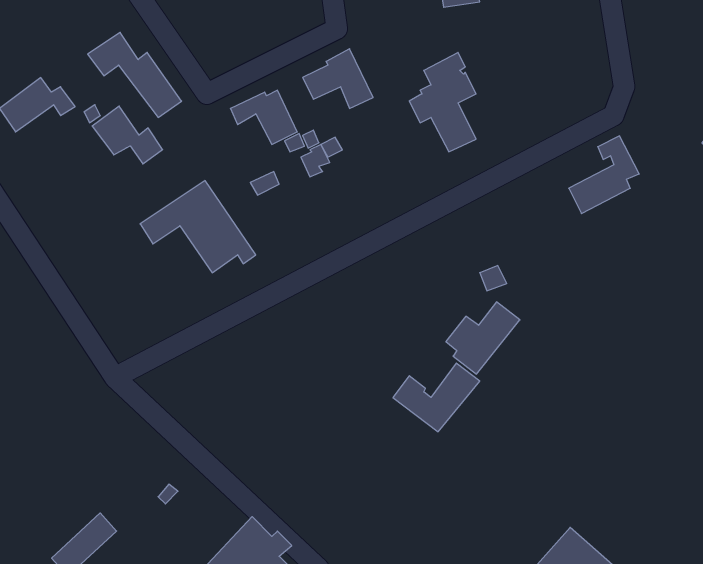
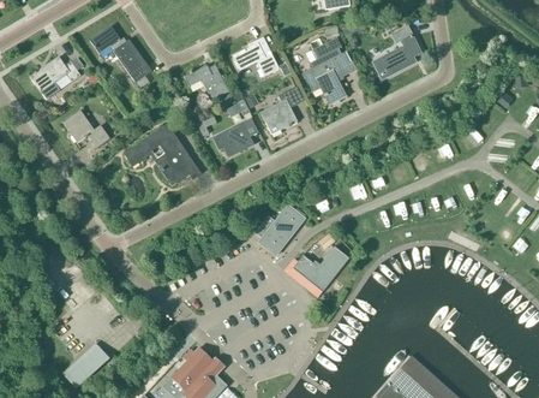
building: [92,106,163,164] -> [62,109,109,148]
building: none -> [259,89,297,133]
building: [569,136,639,214] -> [373,26,420,78]
building: none -> [212,125,252,156]
building: [446,302,520,374] -> [254,206,304,254]

